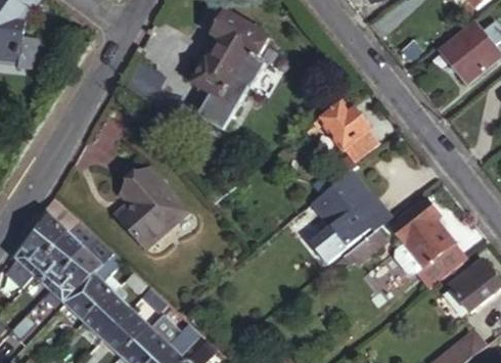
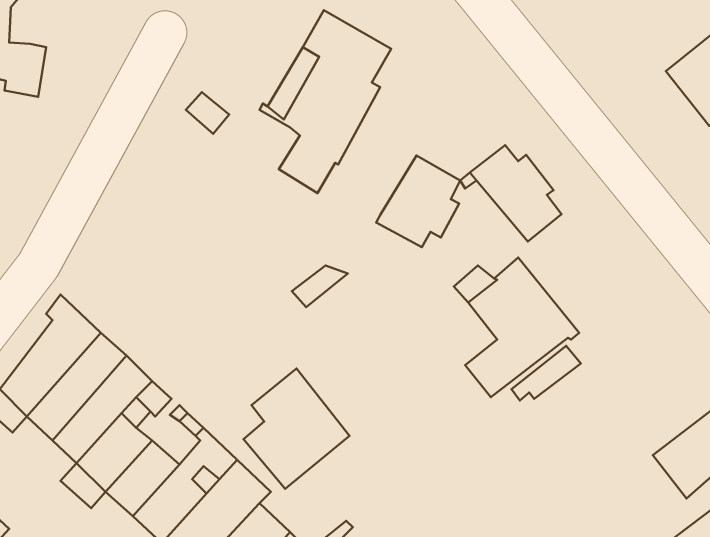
building: none -> [376,155,460,247]
building: [115,166,182,242] -> [243,368,349,489]
building: [389,199,463,288] -> none

